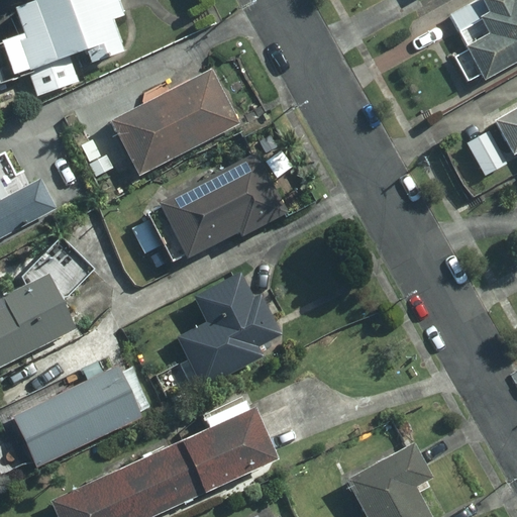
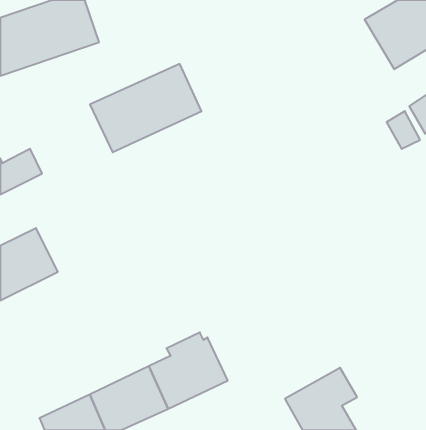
building: [133,150,289,260] -> none
building: [177,271,282,388] -> none
building: [9,365,141,469] -> none

